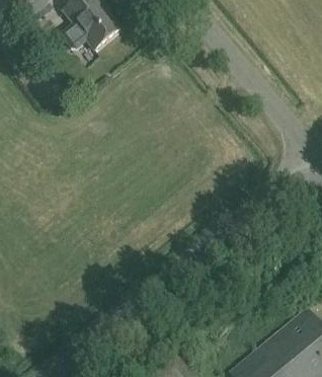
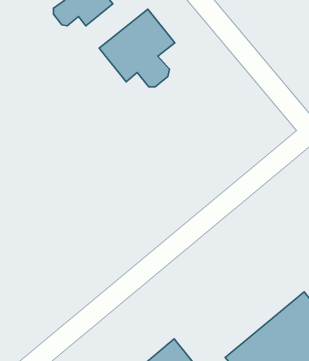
building: none -> [99,9,175,87]

